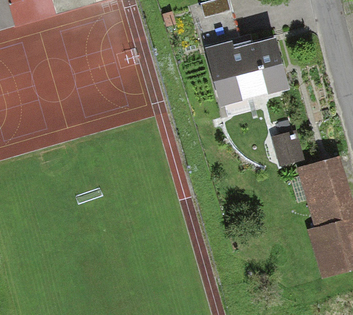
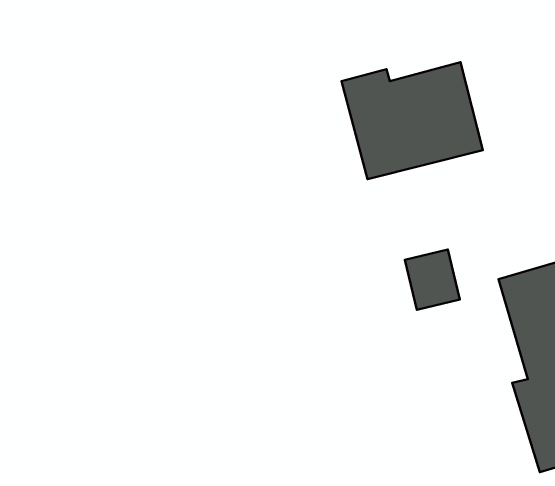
building: [274,129,306,164] -> [405,249,460,310]

